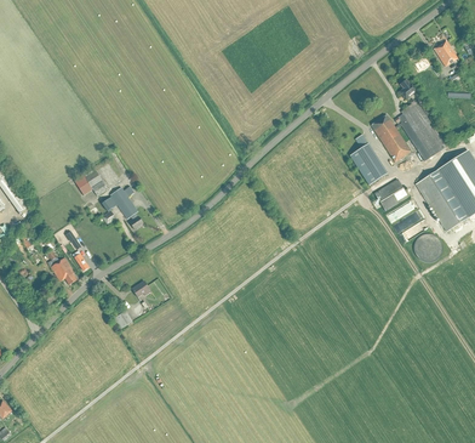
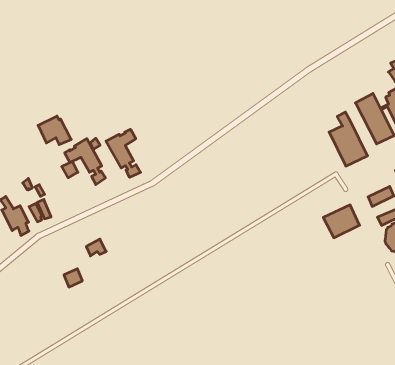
building: none -> [106,129,141,177]
building: [373,177,408,210] -> [323,205,360,238]

